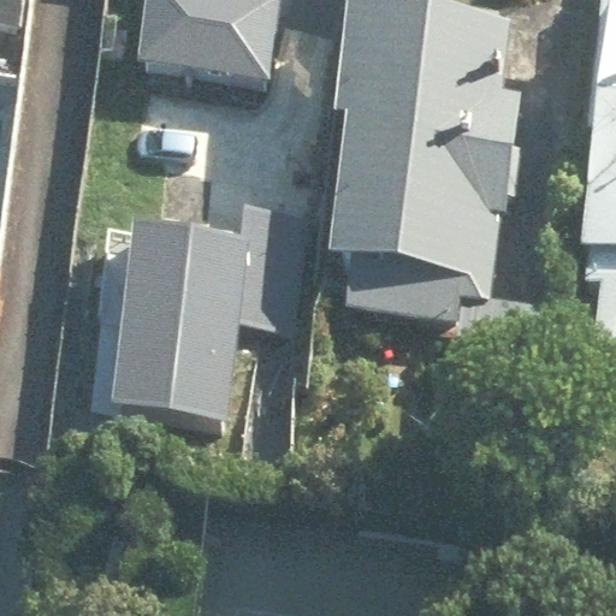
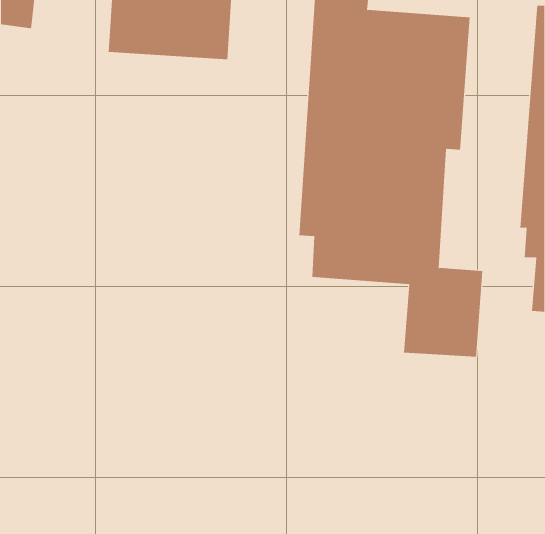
building: [90,218,232,407] -> none

